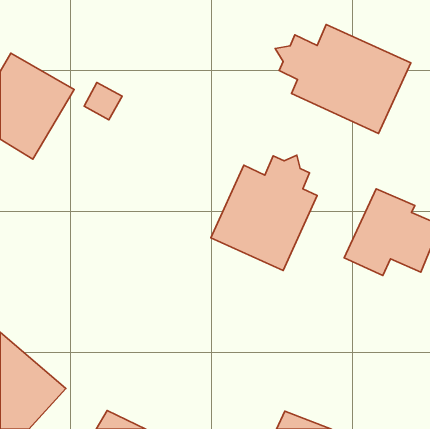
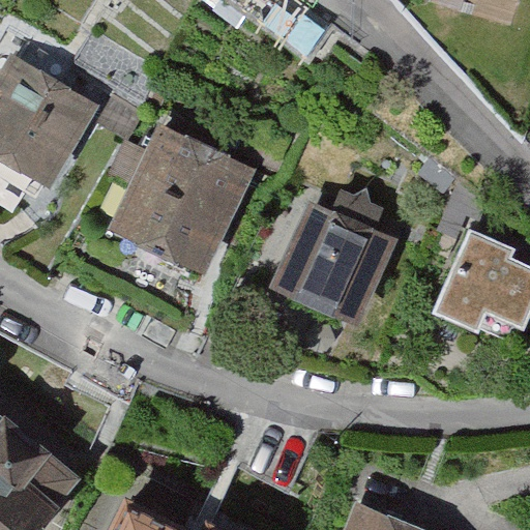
building: [275,24,411,133] -> none
building: none -> [117,123,259,268]

